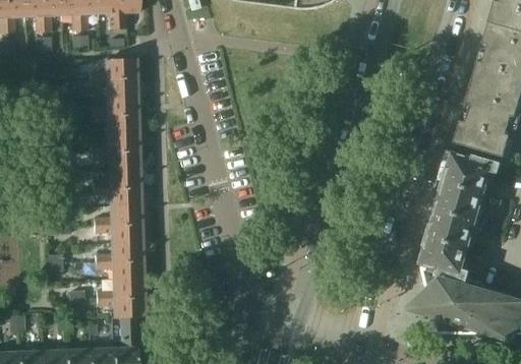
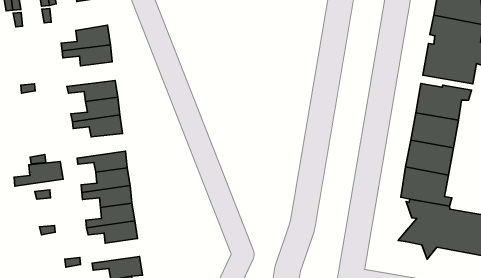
building: [89,95,138,115] -> none
building: [92,169,141,189] -> [14,162,63,186]
building: [95,278,144,298] -> none

